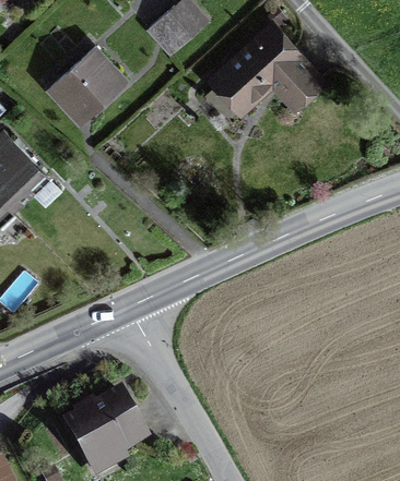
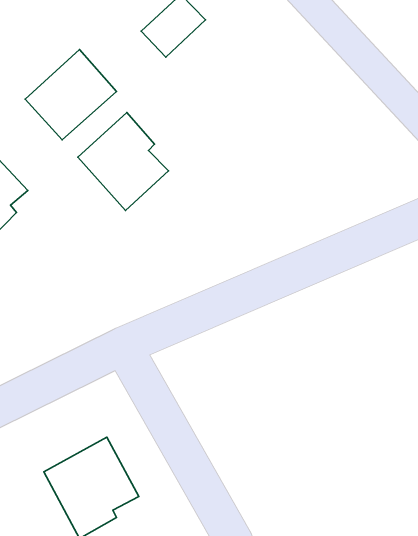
building: [204,21,323,116] -> none
building: none -> [78,113,169,210]

